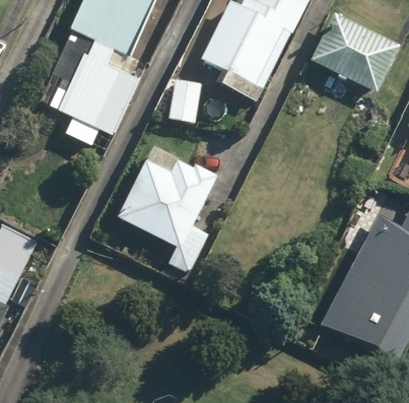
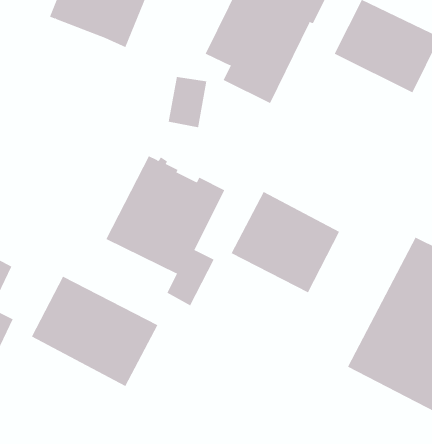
building: [44,29,136,149] -> none
building: none -> [231,191,340,293]
building: none -> [31,276,158,387]

